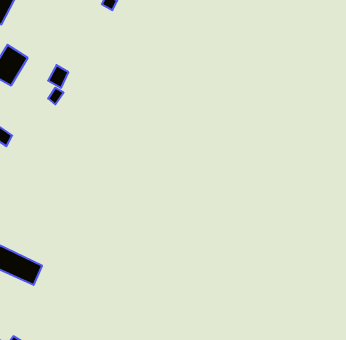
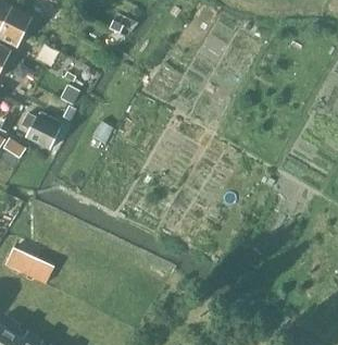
building: none -> [21,111,59,148]

